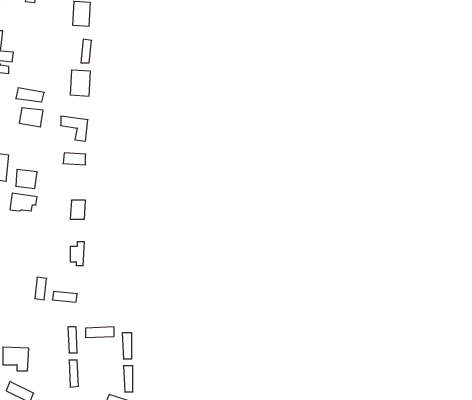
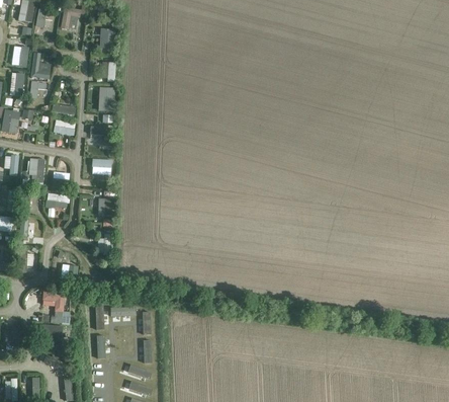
building: none -> [41,292,64,322]

